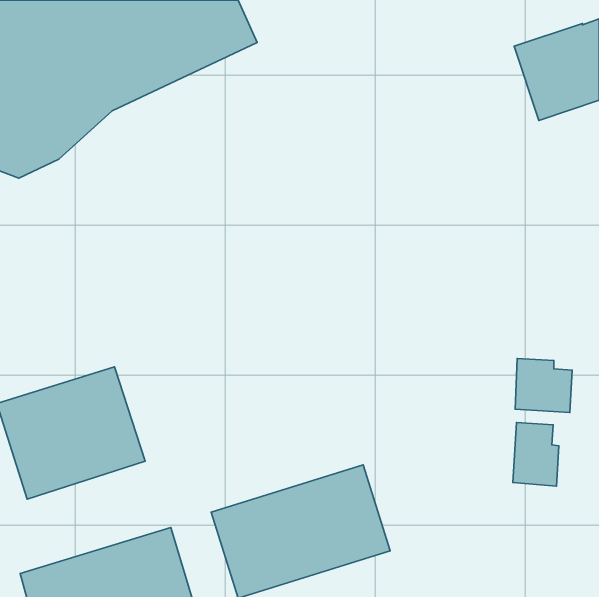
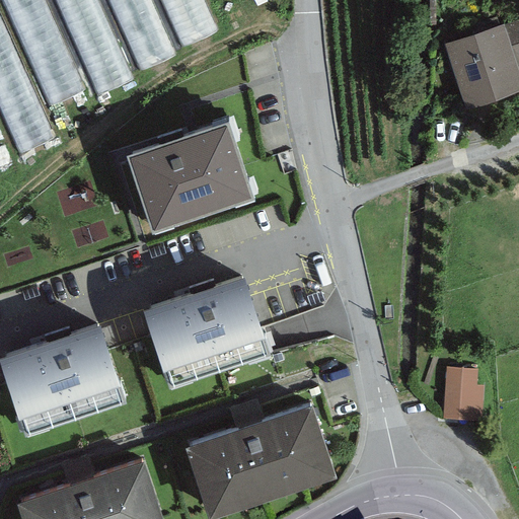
building: none -> [127,119,252,228]
building: none -> [143,273,271,387]
building: [515,359,572,413] -> none

